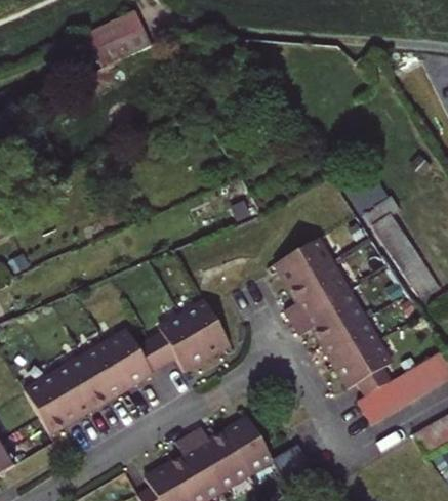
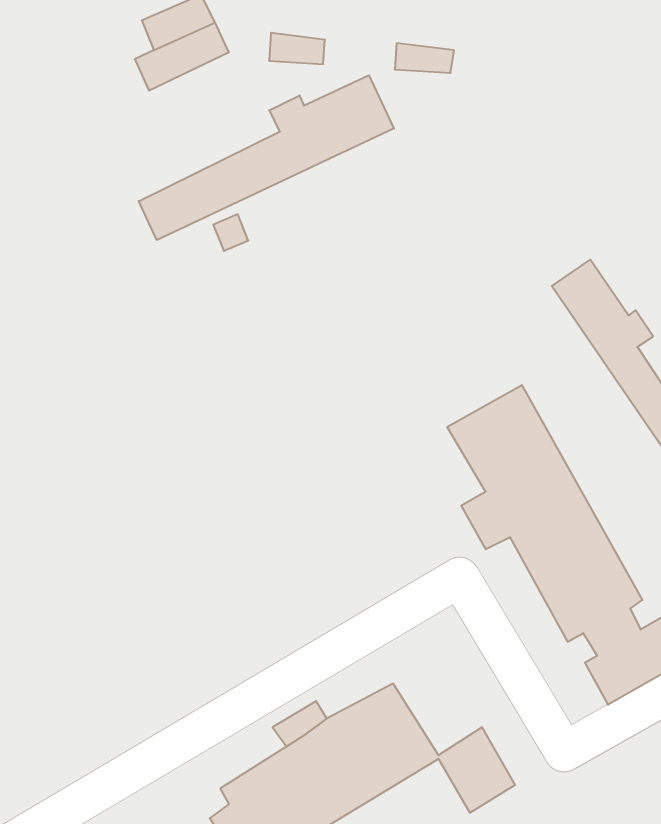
building: none -> [139,75,394,240]
building: [23,299,228,435] -> none

